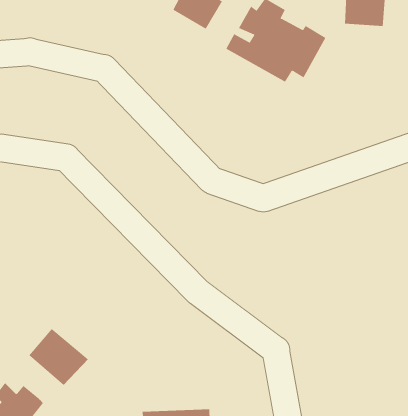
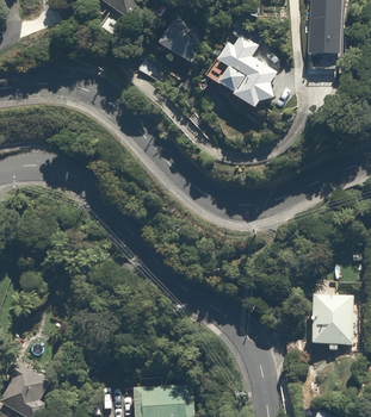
building: none -> [311,294,353,349]
building: [29,328,89,386] -> none

